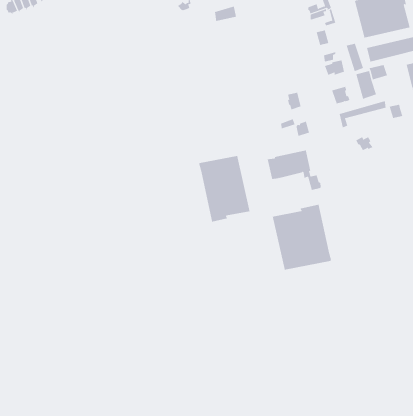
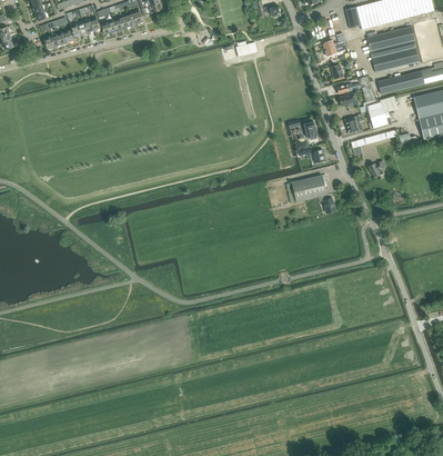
building: [199,155,250,222] -> none
building: [272,204,332,271] -> none

